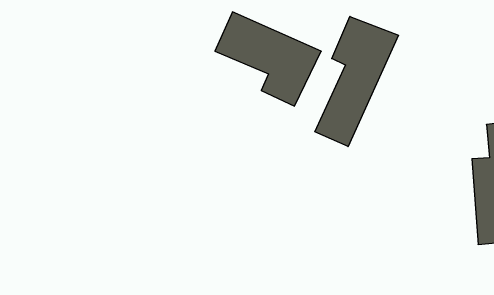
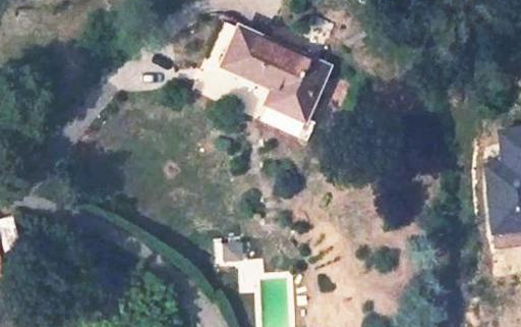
building: [315,16,398,147] -> none

